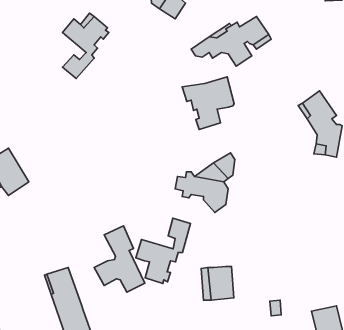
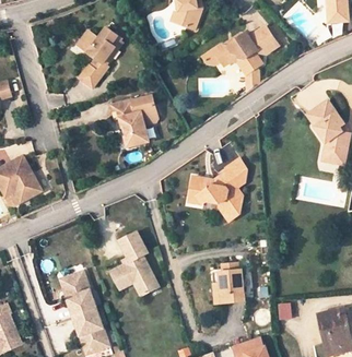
building: [182,77,234,130] -> [109,97,160,148]
building: [136,218,191,283] -> none

